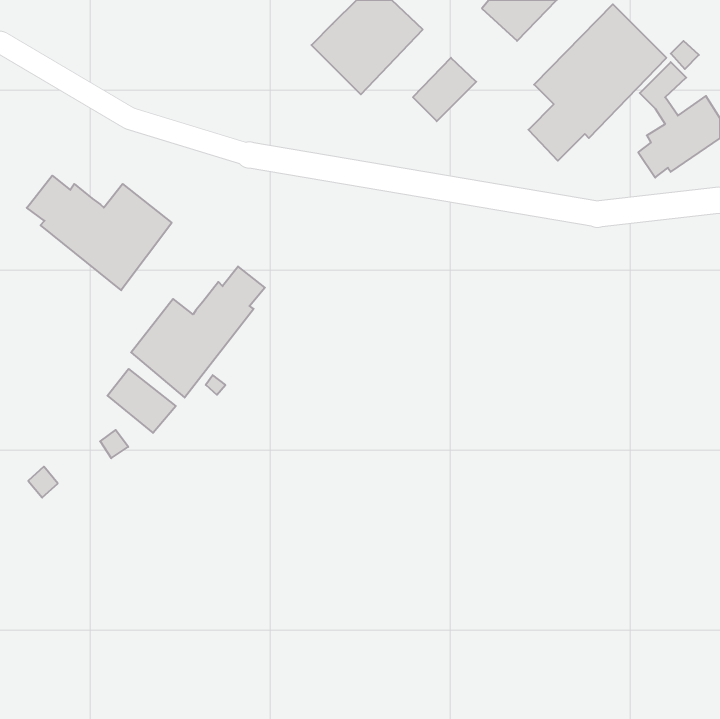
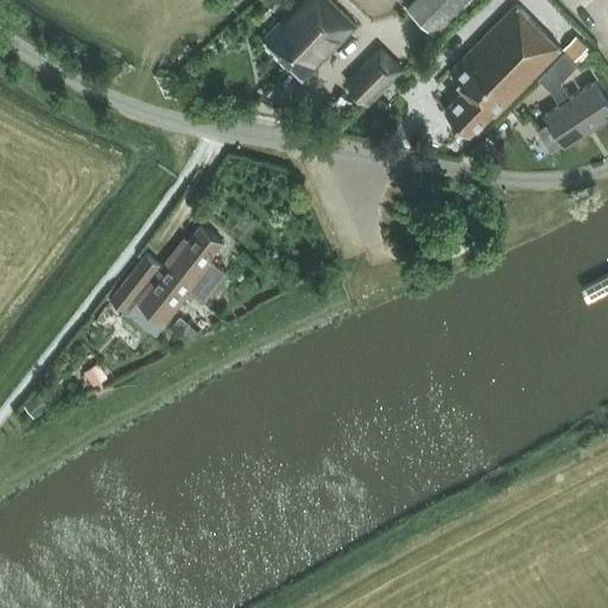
building: [27,176,172,290] -> none
building: [107,369,176,433] -> none

